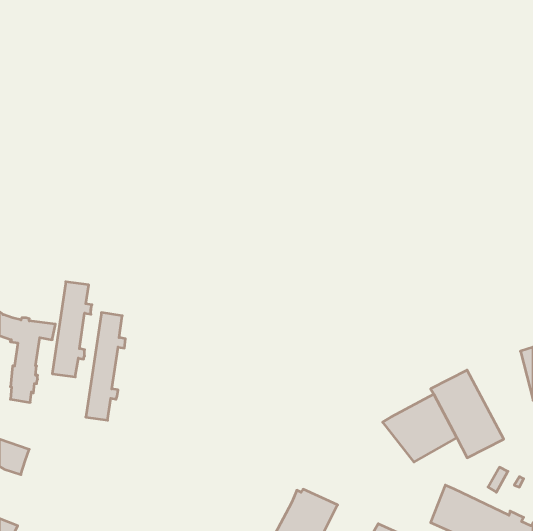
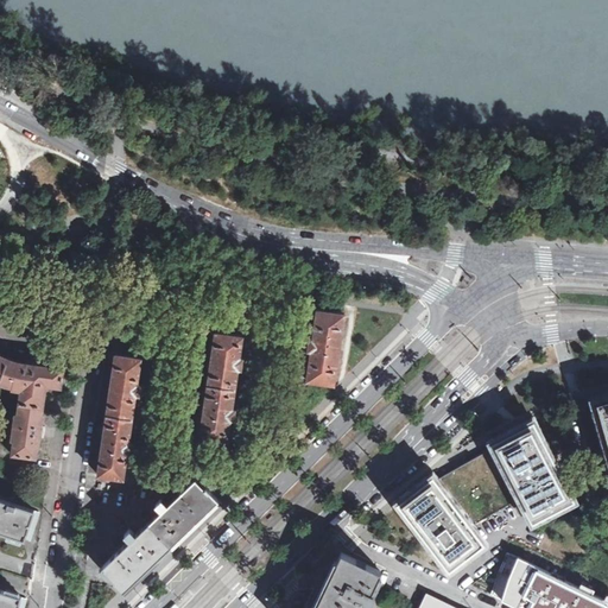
building: none -> [304,314,343,387]
building: [52,282,92,377] -> [200,336,245,444]
building: none -> [397,479,482,572]
building: none -> [101,480,217,593]

